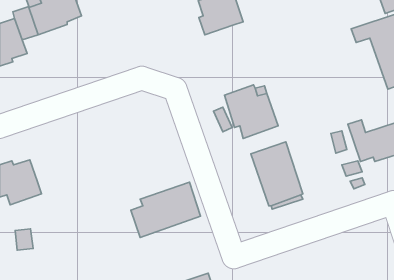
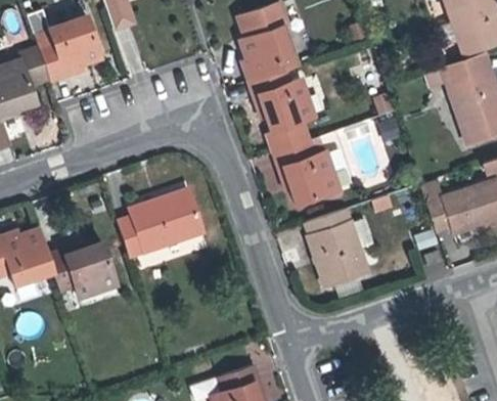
building: none -> [250,69,313,152]
building: none -> [48,242,117,297]
building: [131,182,201,237] -> [118,189,201,256]

